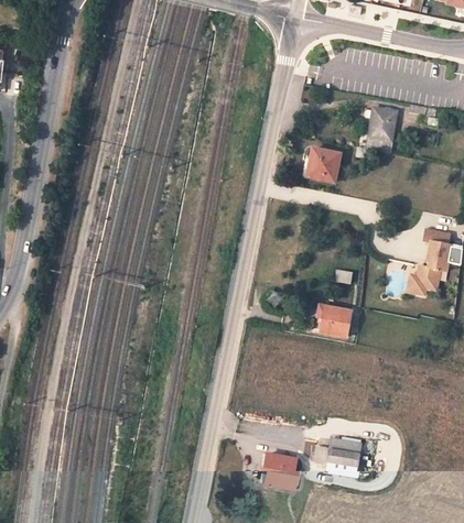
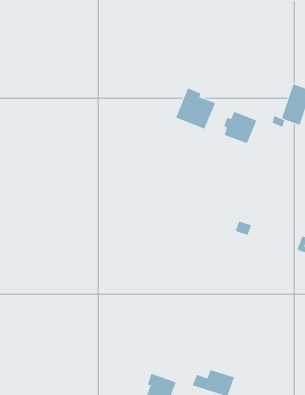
building: none -> [175,87,216,129]
building: [317,305,350,337] -> none

